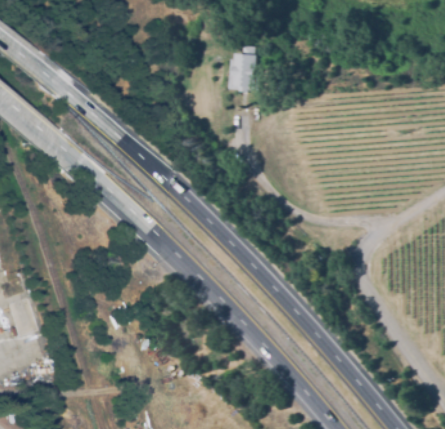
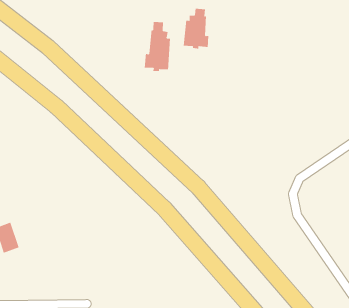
building: none -> [144,21,170,72]

